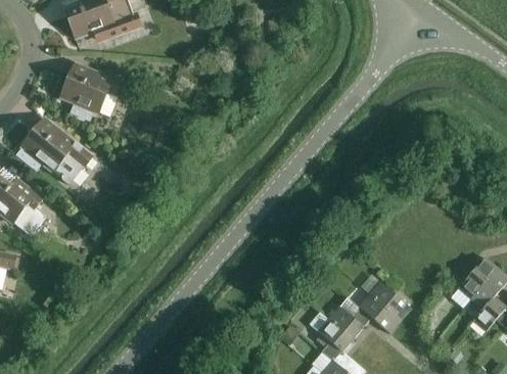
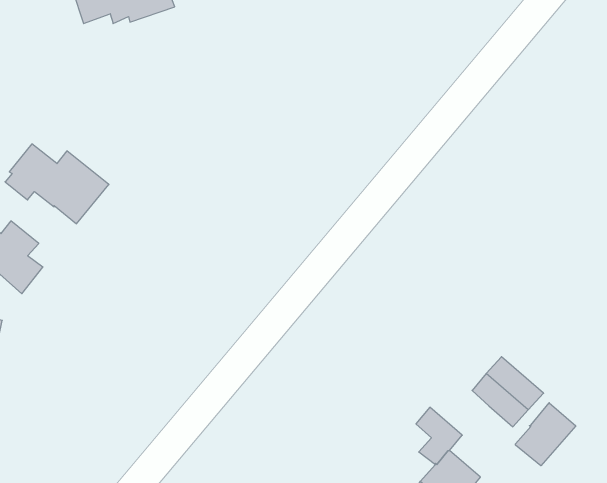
building: [60,71,120,119] -> none
building: [327,306,370,338] -> none
building: none -> [515,403,576,466]

